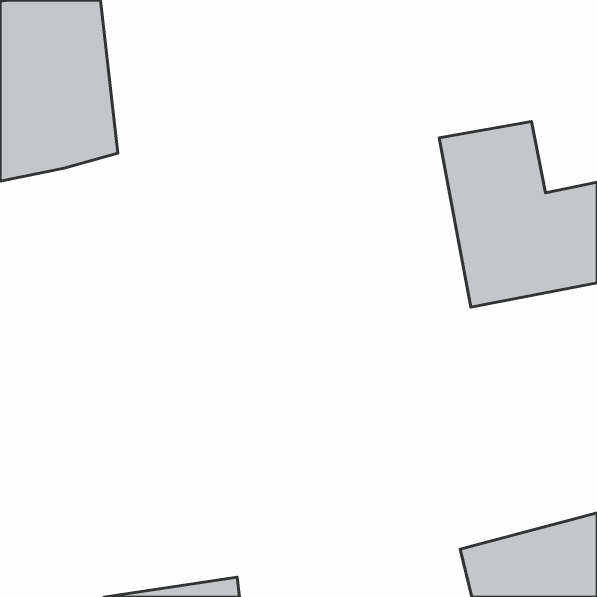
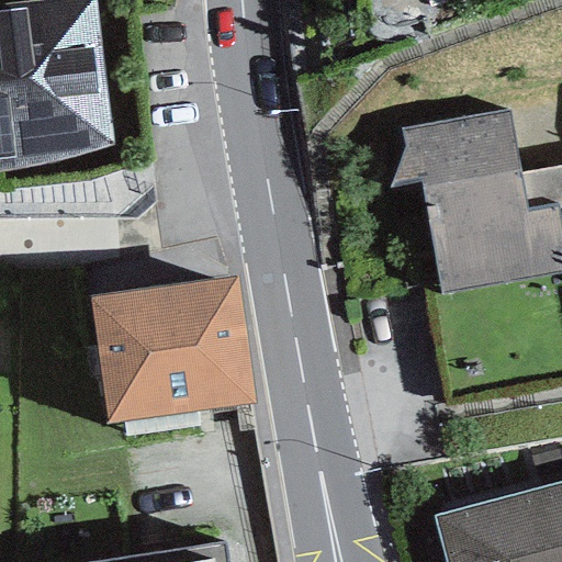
building: none -> [91,280,255,423]

